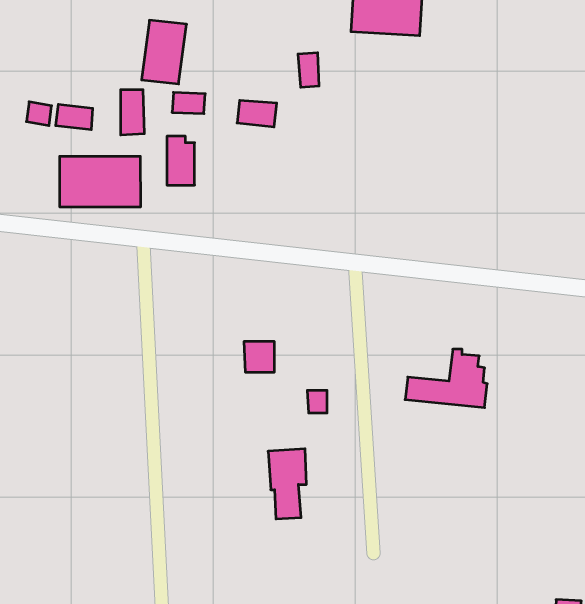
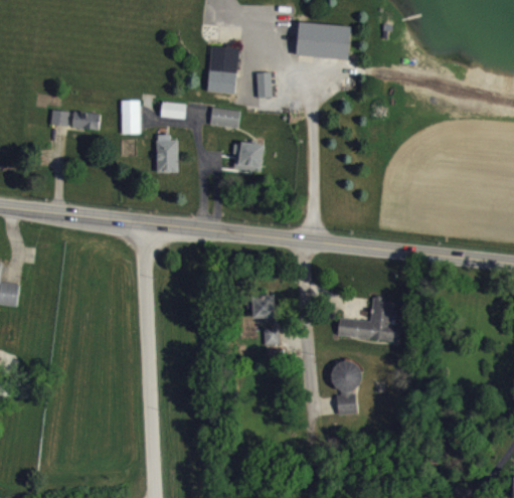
building: [142,20,187,84] -> [205,45,239,94]
building: none -> [233,143,263,170]
building: [60,156,140,207] -> none
building: [244,342,274,372] -> [251,295,275,318]
building: [268,449,306,519] -> [331,361,360,414]

